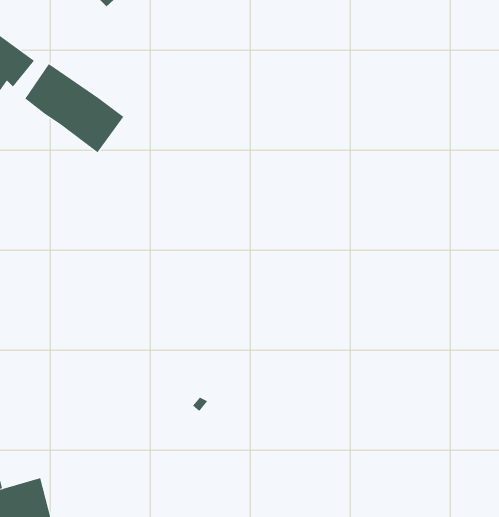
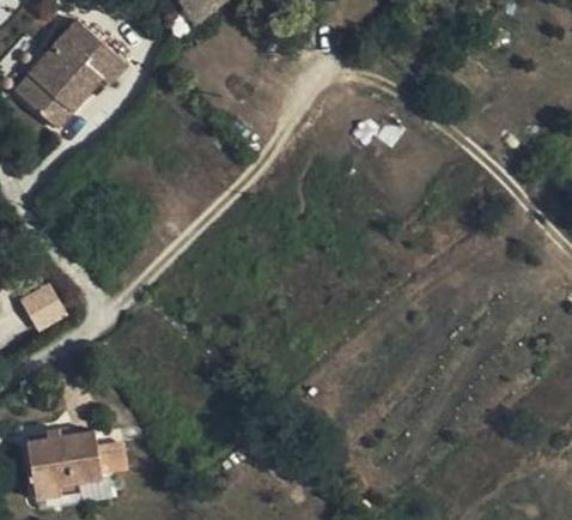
building: [24,63,124,153] -> none

